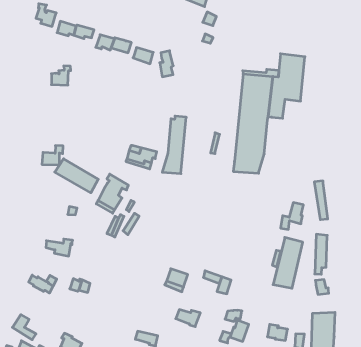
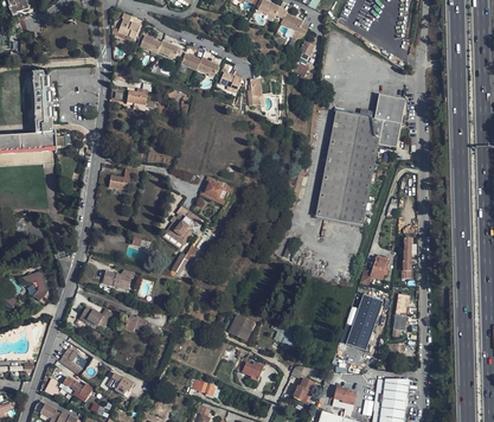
building: [162,116,186,174] -> [342,161,374,224]
building: [55,159,98,193] -> none

